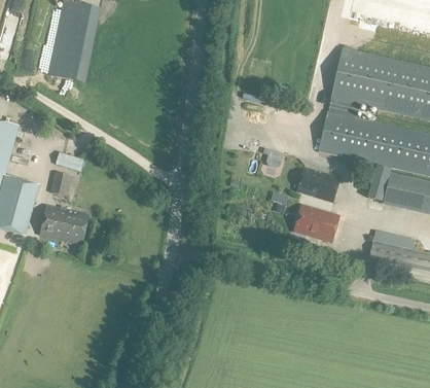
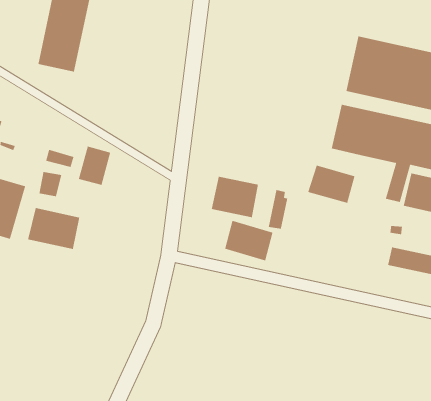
building: none -> [78,145,111,186]
building: none -> [211,176,259,218]
building: [294,203,339,241] -> [224,220,274,261]

